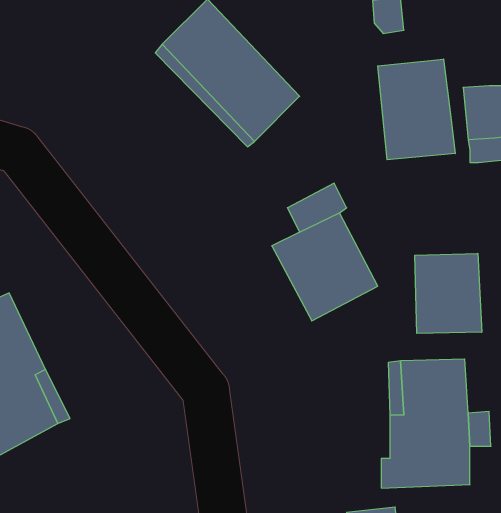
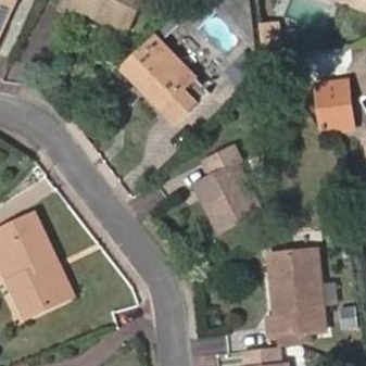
building: [378,59,455,160] -> none
building: [415,253,482,333] -> none

